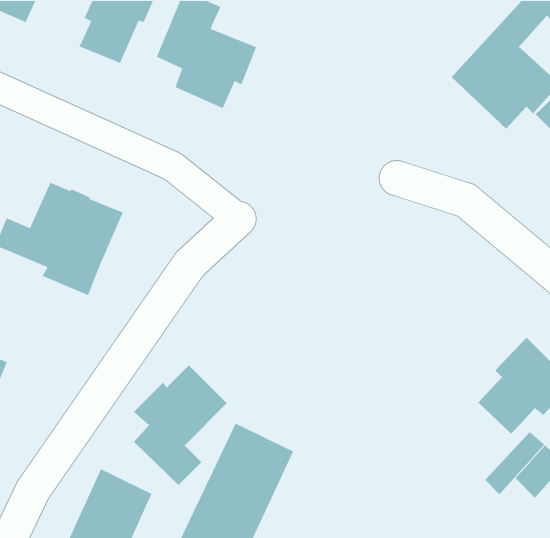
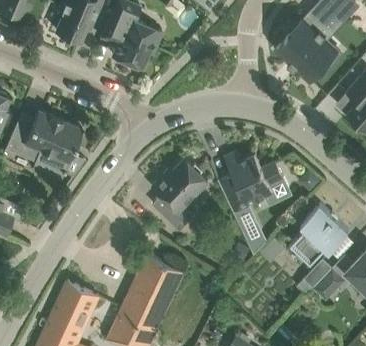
building: none -> [219,151,292,211]
building: [133,364,227,486] -> [153,158,209,230]

